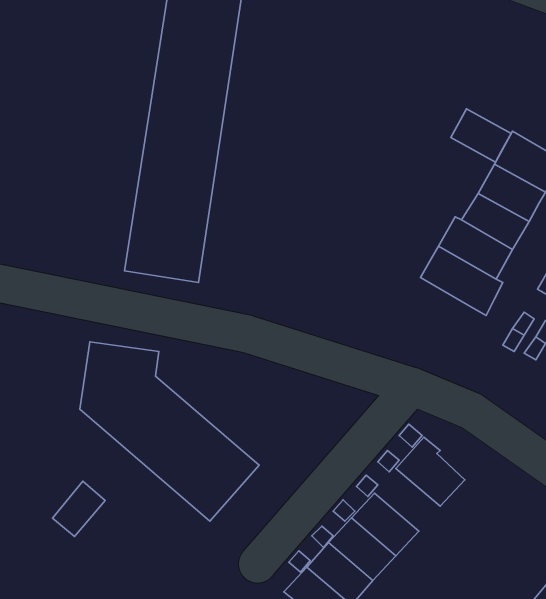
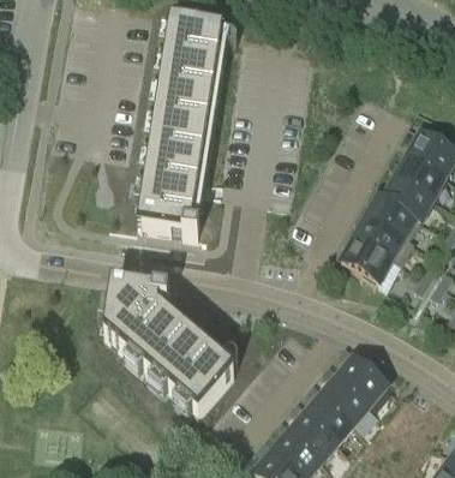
building: [451,109,511,162] -> none
building: none -> [342,238,391,286]
building: none -> [321,377,369,423]
building: [52,481,105,536] -> none

